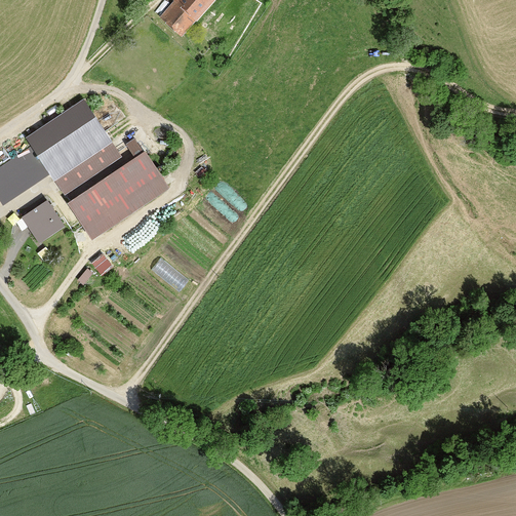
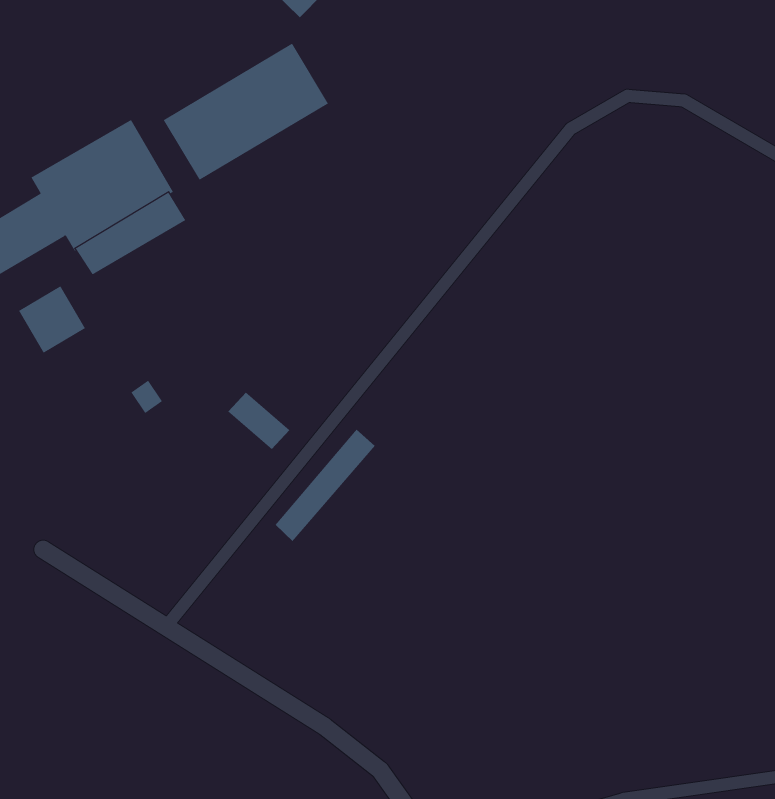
building: [70,153,168,238] -> [163,43,329,181]
building: none -> [275,429,376,542]

